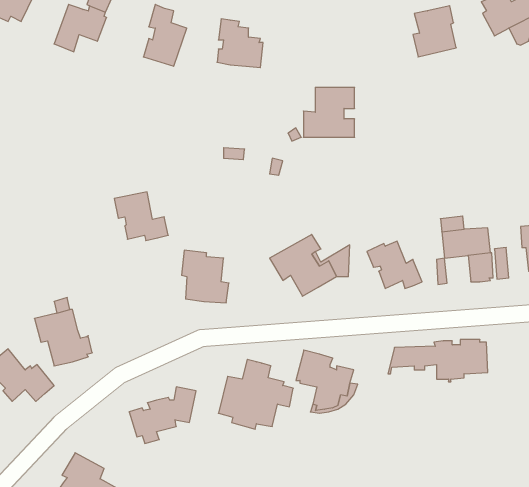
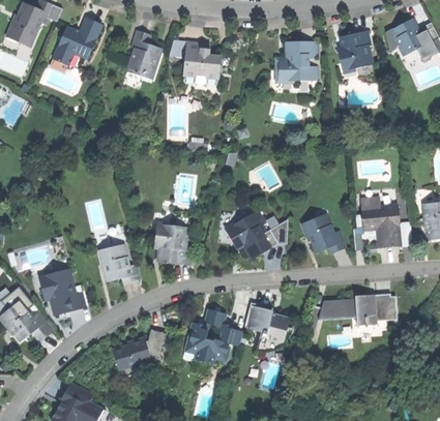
building: [303,87,355,137] -> [274,41,315,81]
building: [114,192,168,241] -> [98,245,141,283]

